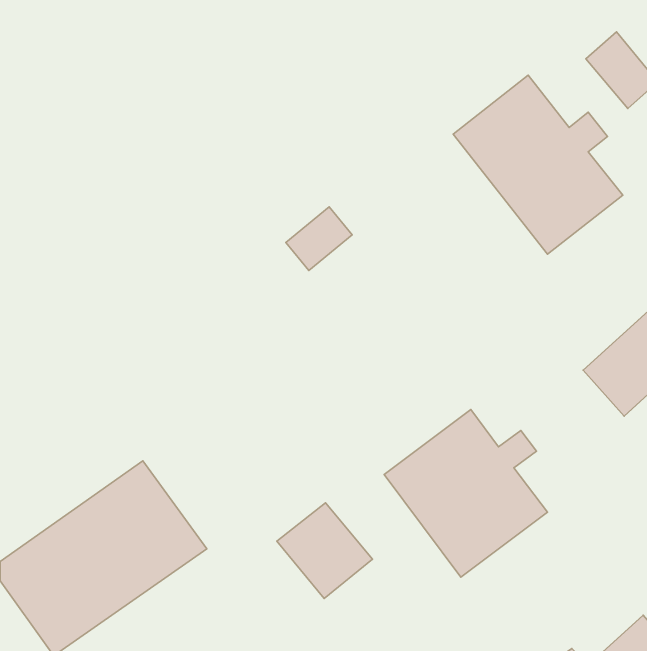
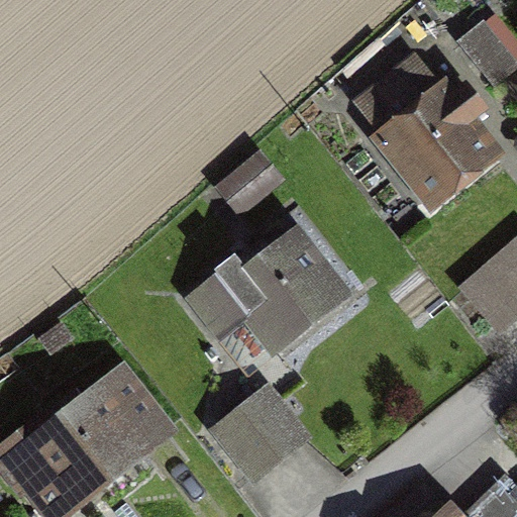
building: none -> [196,237,340,349]
building: [384,409,547,577] -> none

